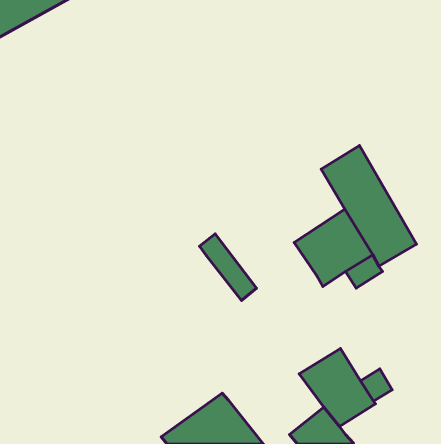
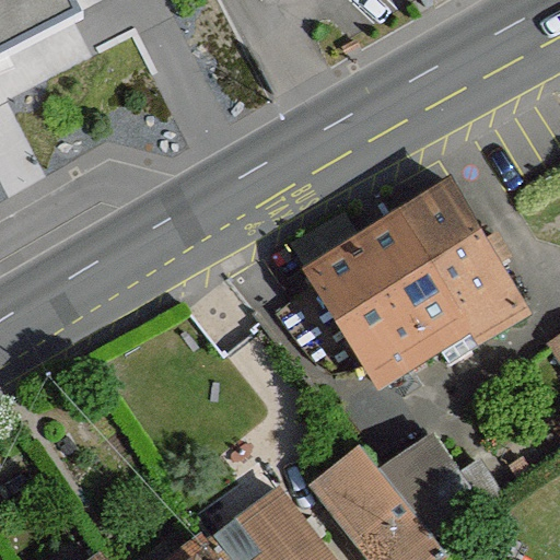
building: none -> [304,211,431,366]
building: none -> [316,445,405,542]

